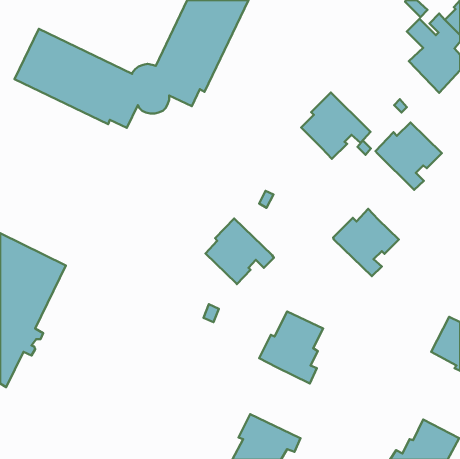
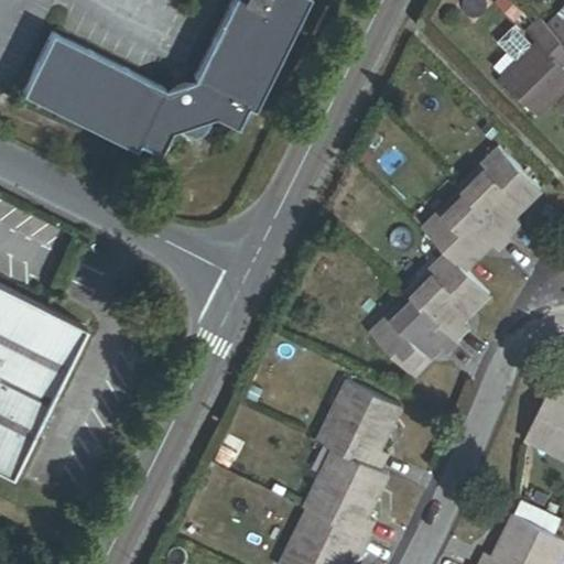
building: [301,92,370,159] -> [425,188,510,270]
building: [205,218,274,284] -> [373,294,457,375]
building: none -> [305,451,381,536]

